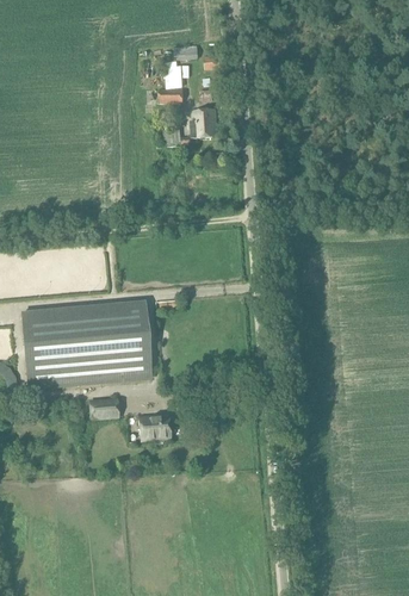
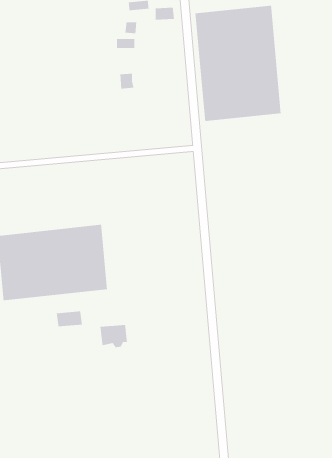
building: none -> [195,5,282,122]
building: [192,106,218,135] -> none

